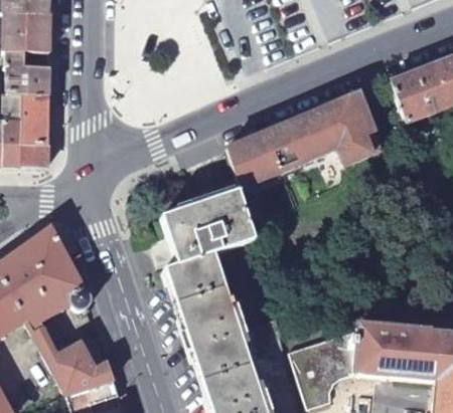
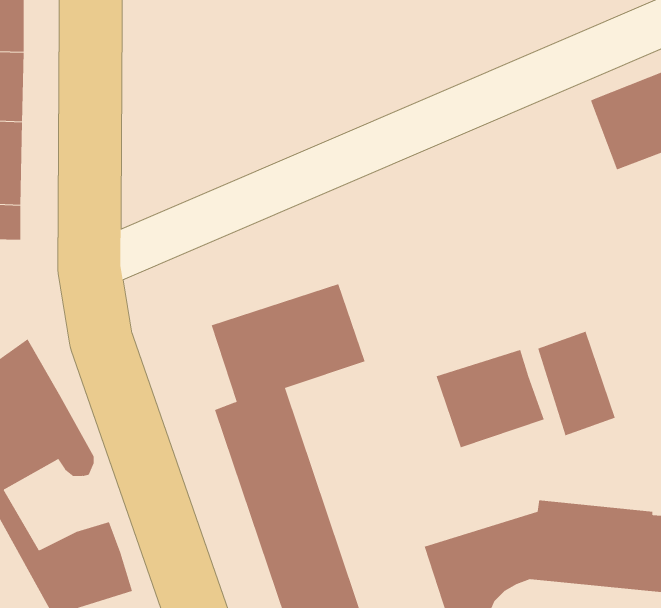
building: [228,91,385,187] -> none
building: none -> [538,331,615,436]
building: none -> [436,349,544,448]

